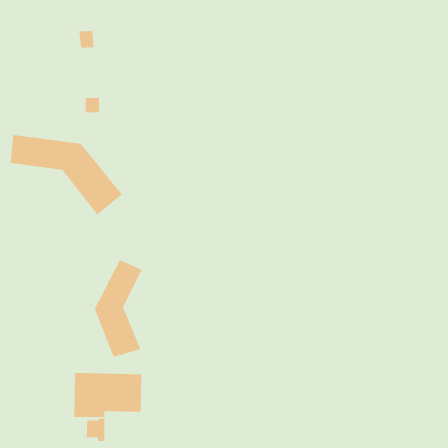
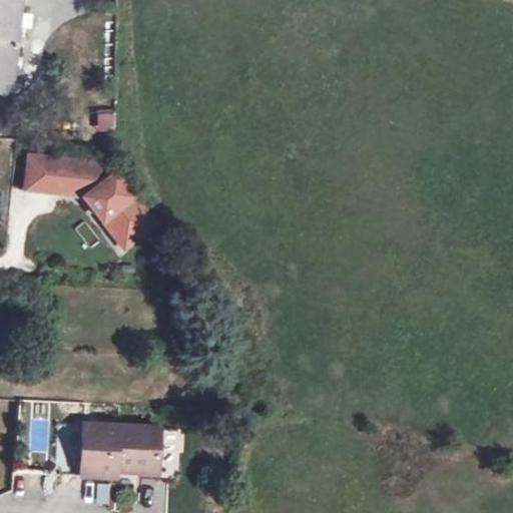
building: [94,259,143,358] -> none

